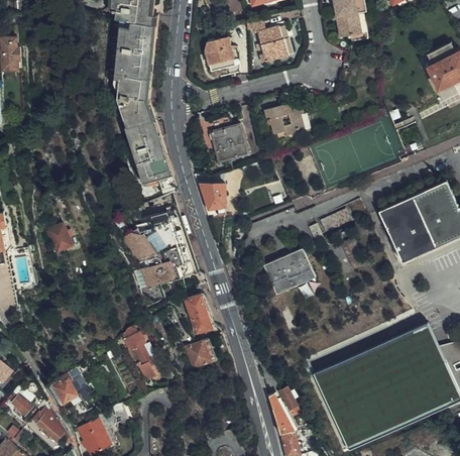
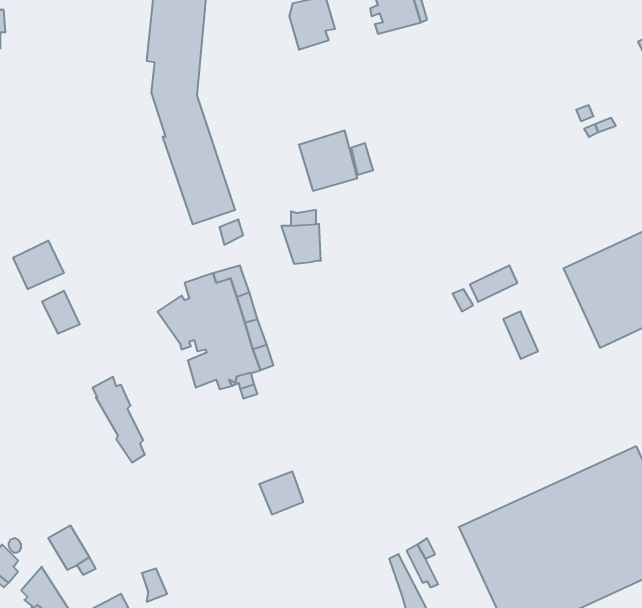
building: [260,97,304,142] -> none
building: none -> [13,240,64,289]
building: [263,249,315,295] -> none
building: [185,296,212,335] -> none
building: [121,327,154,381] -> [93,377,145,462]

